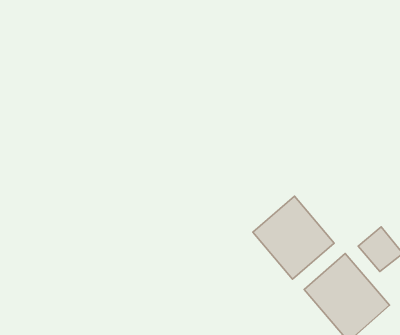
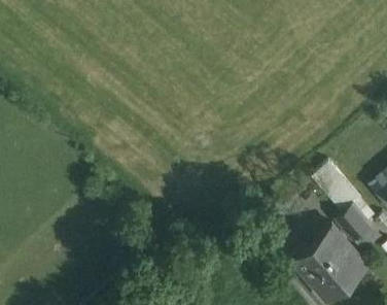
building: [253,196,334,279] -> none

